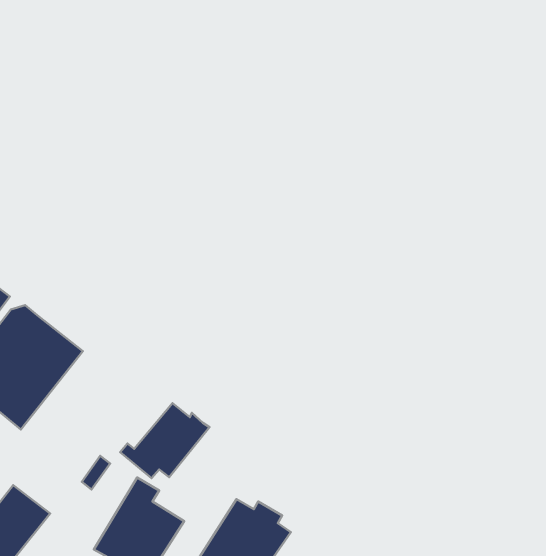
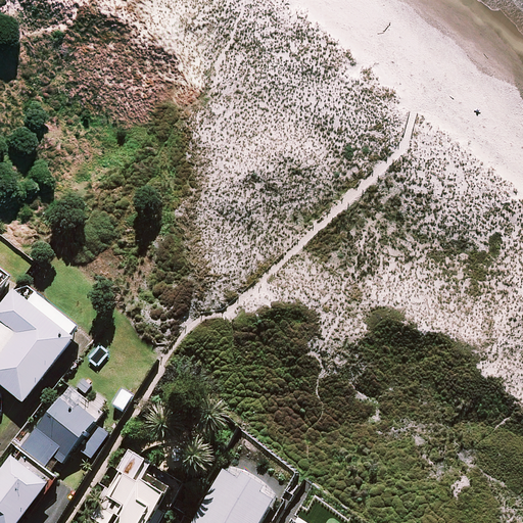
building: [120,403,209,478] -> [8,397,92,468]

